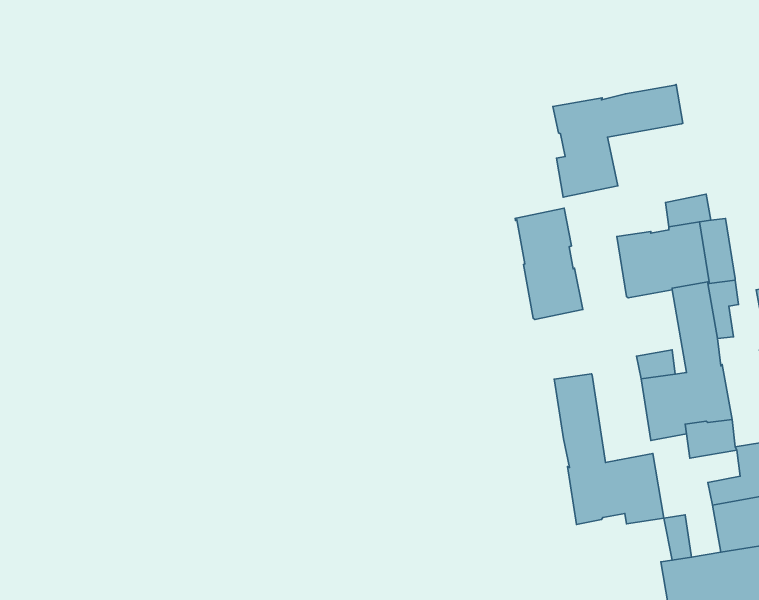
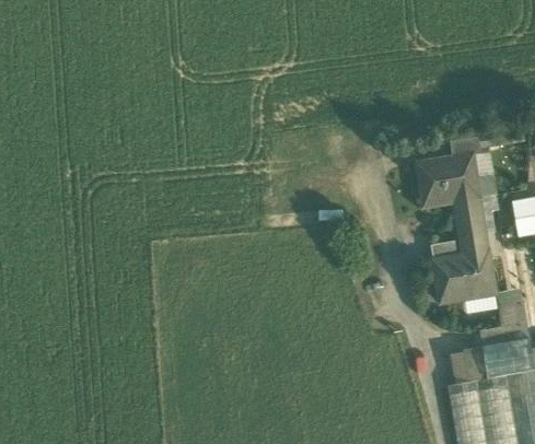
building: [553,84,683,197] -> none
building: [515,208,583,320] -> none
building: [554,374,664,525] -> none
building: none -> [462,347,487,382]

